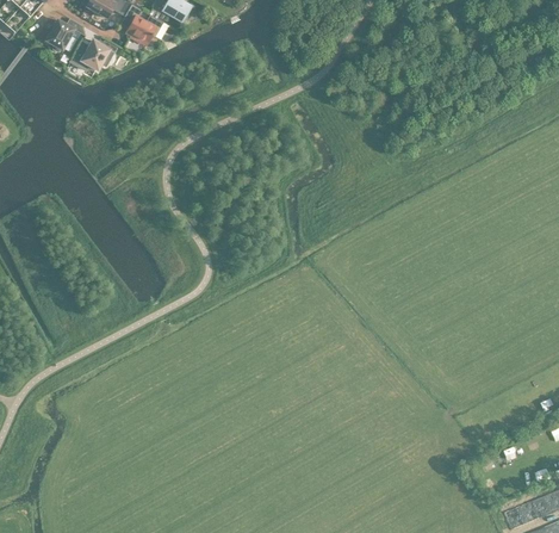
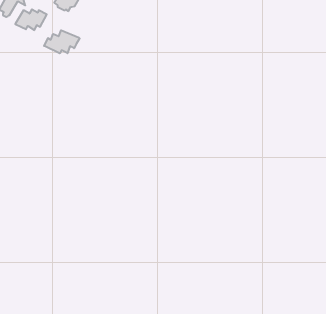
building: none -> [44,30,80,53]

